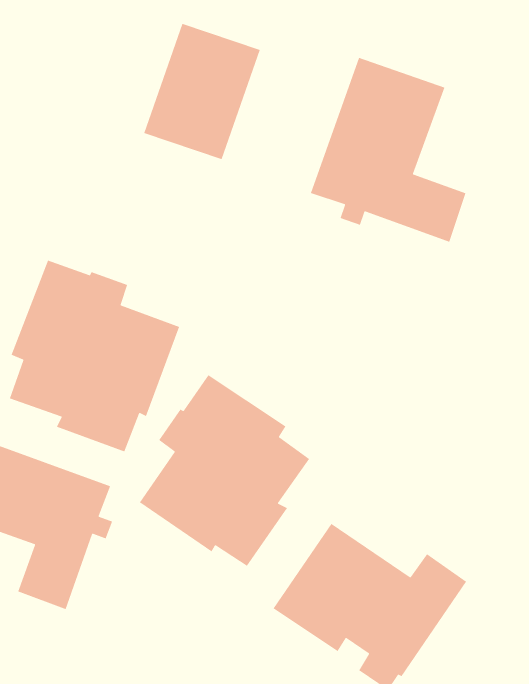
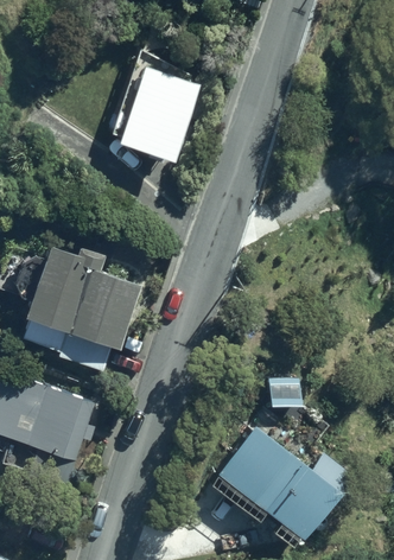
building: [310,57,467,243] -> none
building: [139,374,310,567] -> none

